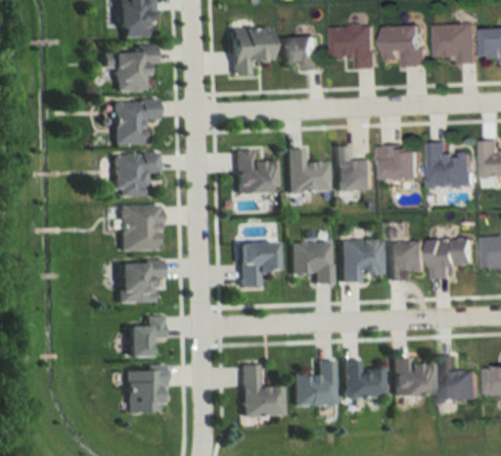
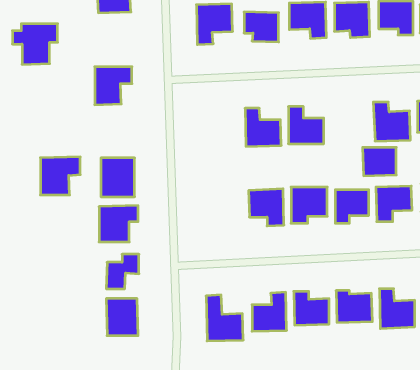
building: [105,45,157,92] -> [12,24,58,64]
building: [390,146,428,179] -> [363,147,396,176]
building: [237,150,279,192] -> none
building: [116,152,162,196] -> [40,157,80,195]
building: [240,242,277,287] -> none

